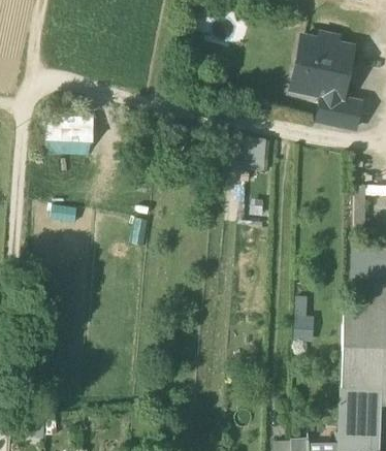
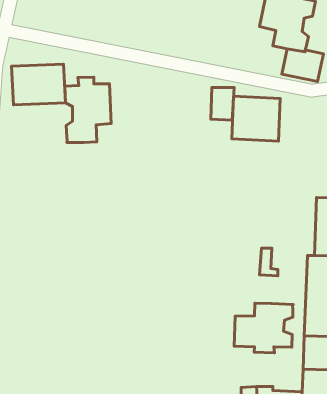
building: none -> [65,77,111,143]
building: none -> [232,96,280,141]
building: none -> [234,303,293,353]

